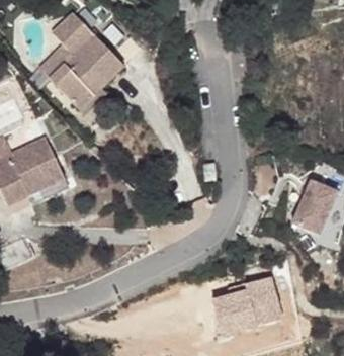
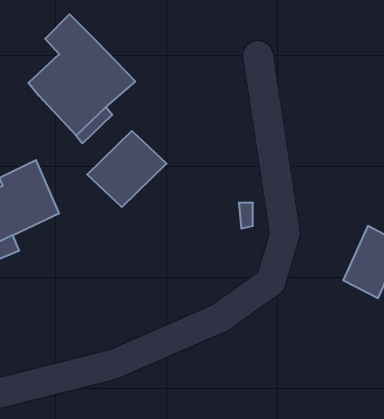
building: none -> [87,131,167,207]
building: [219,275,284,329] -> none

